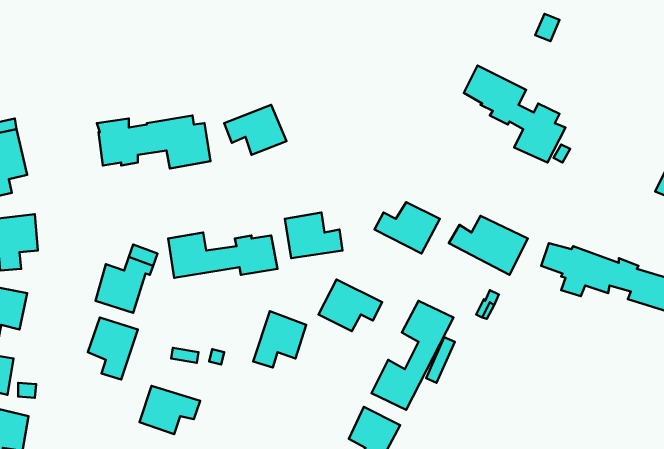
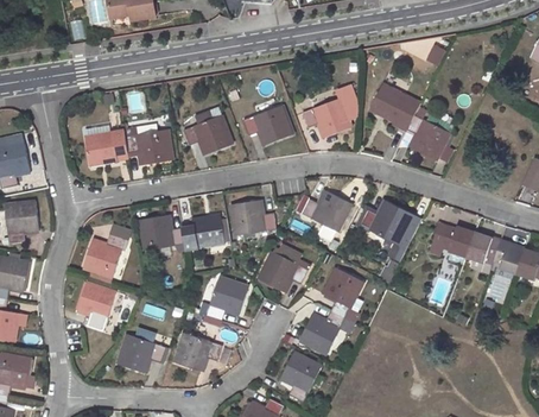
building: none -> [303,97,351,138]
building: none -> [243,106,292,145]
building: none -> [173,333,222,372]

